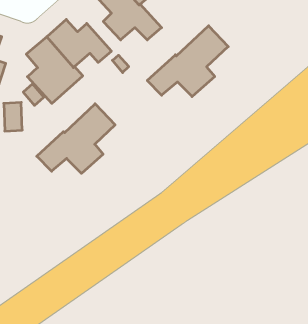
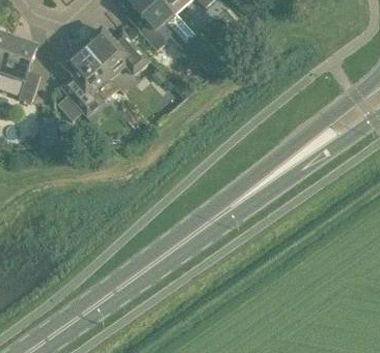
building: [147,26,228,97] -> none
building: [37,104,115,173] -> none

